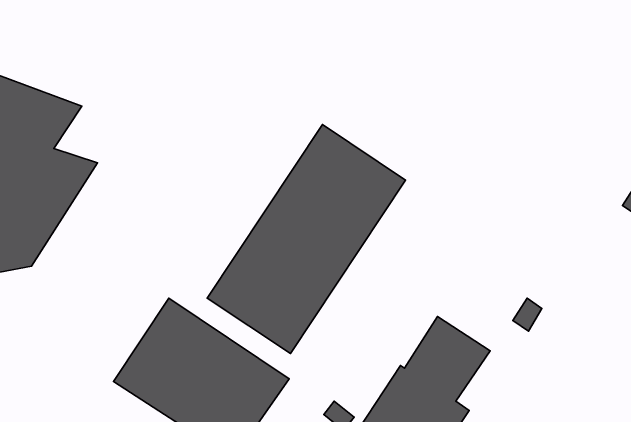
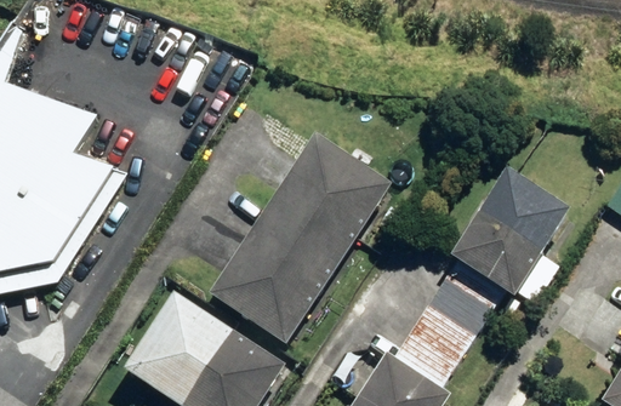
building: none -> [422,165,575,336]

